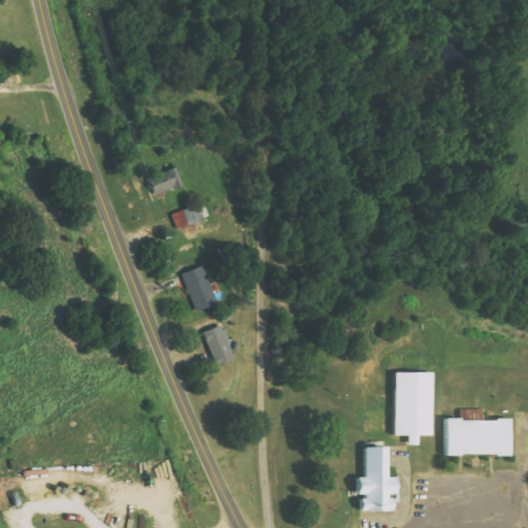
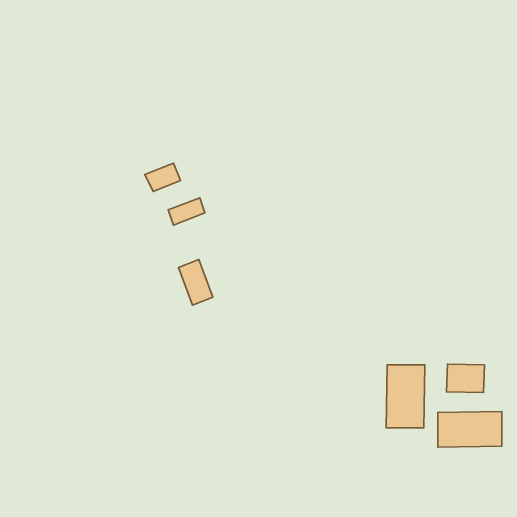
building: [203,324,235,365] -> none
building: none -> [447,364,484,392]
building: [358,447,397,510] -> none

